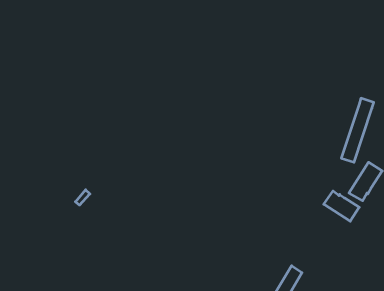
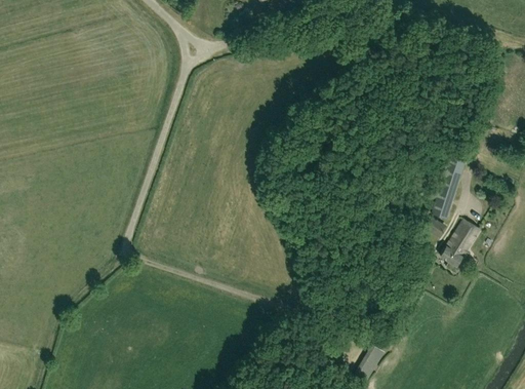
building: [324,191,359,221] -> none

